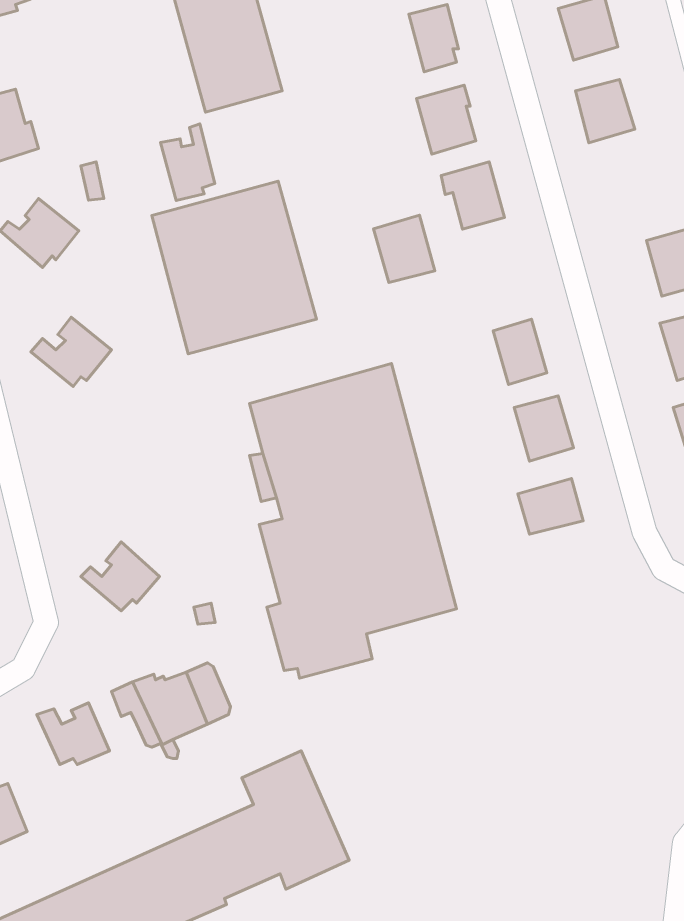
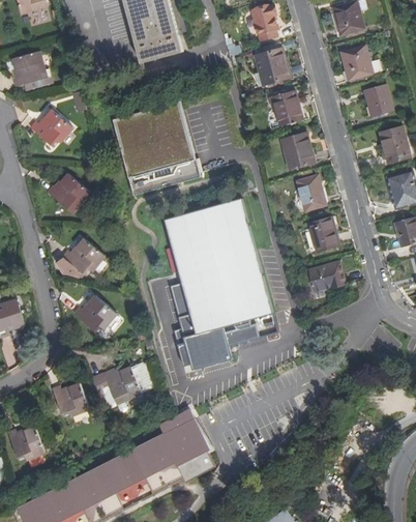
building: [161,124,215,200] -> none
building: none -> [363,83,392,116]
building: [373,215,435,282] -> [280,132,314,168]
building: none -> [56,237,105,277]

